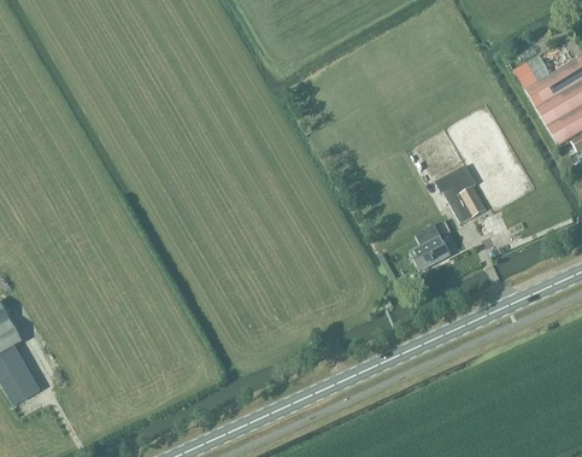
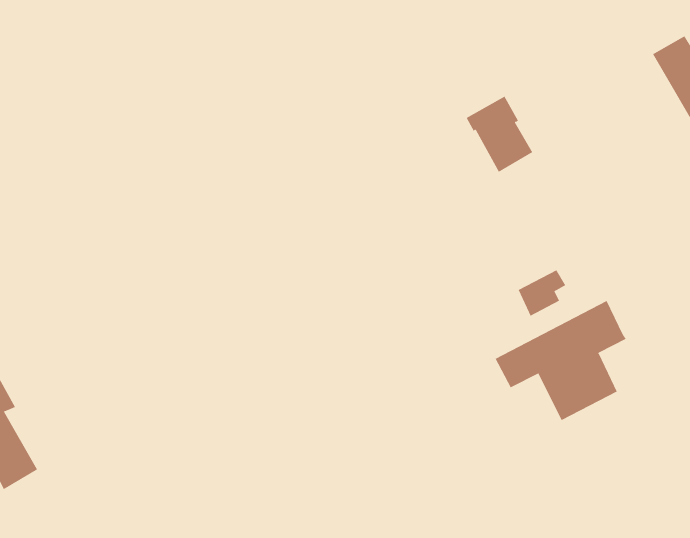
building: [435,164,487,223] -> [466,96,533,172]
building: none -> [495,300,627,421]

